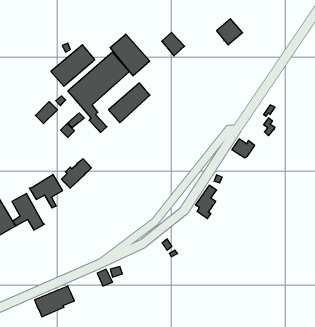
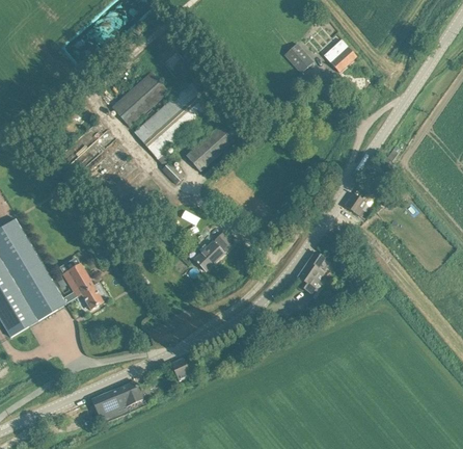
building: [162,32,185,56] -> [284,43,314,73]
building: [110,34,150,76] -> none
building: [61,159,91,188] -> [194,233,233,270]
building: [29,174,62,208] -> none

